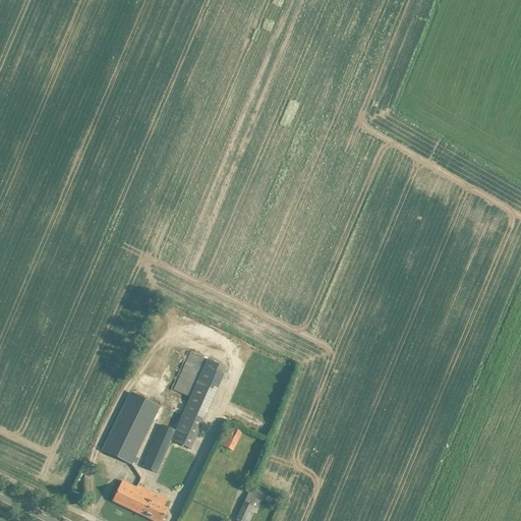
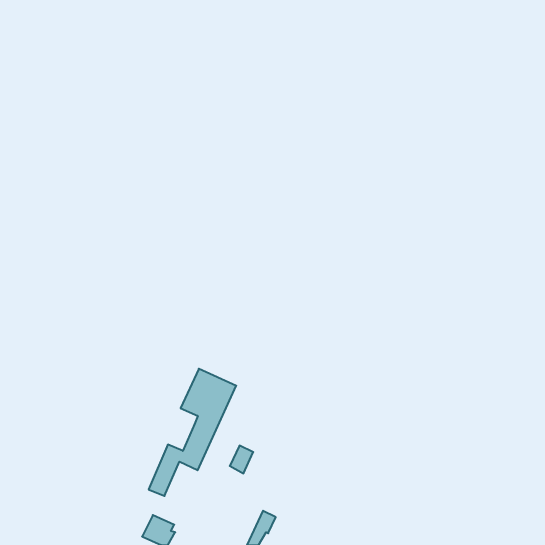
building: [103,392,161,463] -> none
building: [113,480,146,511] -> none

